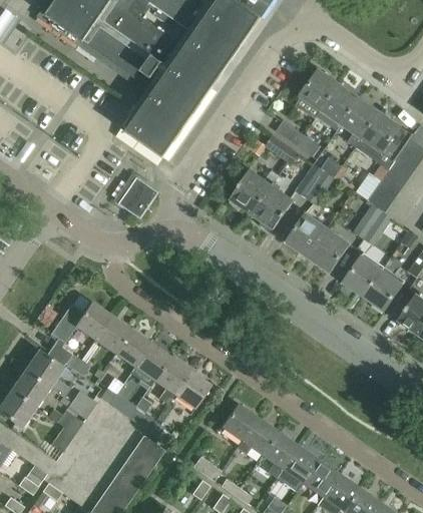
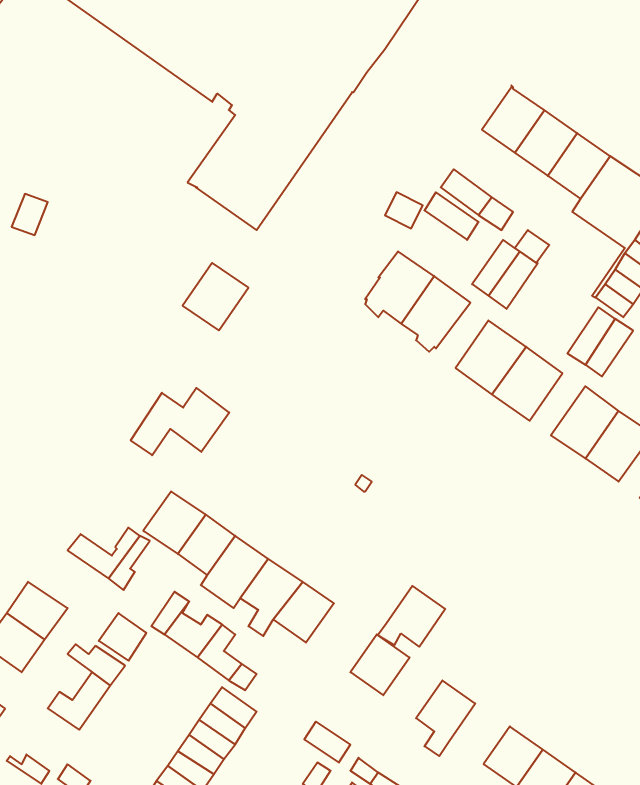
building: [51,301,111,342] -> [131,388,229,455]
building: [24,350,69,397] -> none
building: [236,417,277,454] -> [378,586,445,647]
building: [281,445,318,482] -> none

